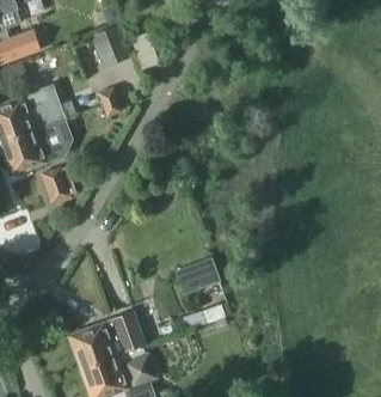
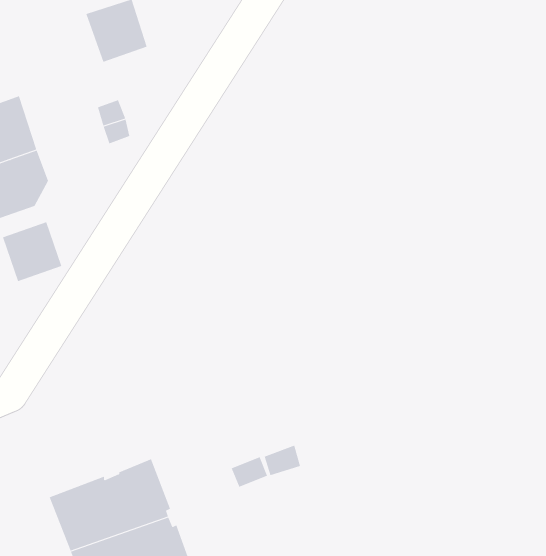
building: [177,259,220,293] -> none

